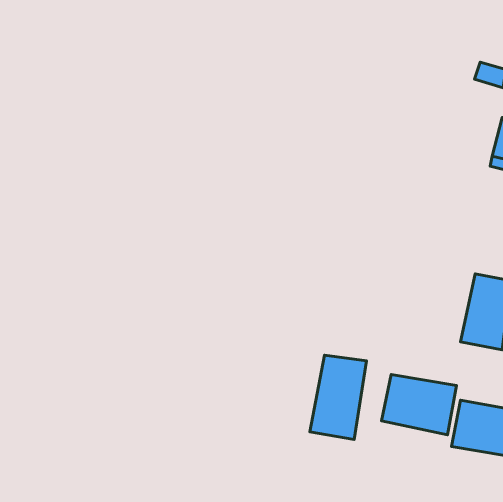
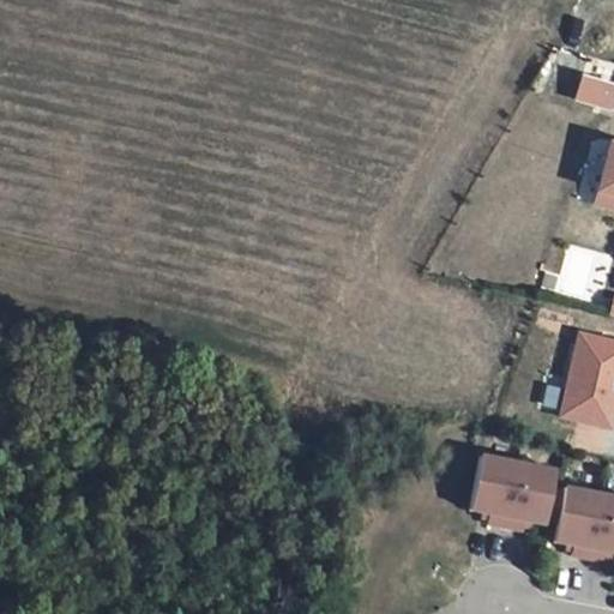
building: [310,355,366,440] -> none

